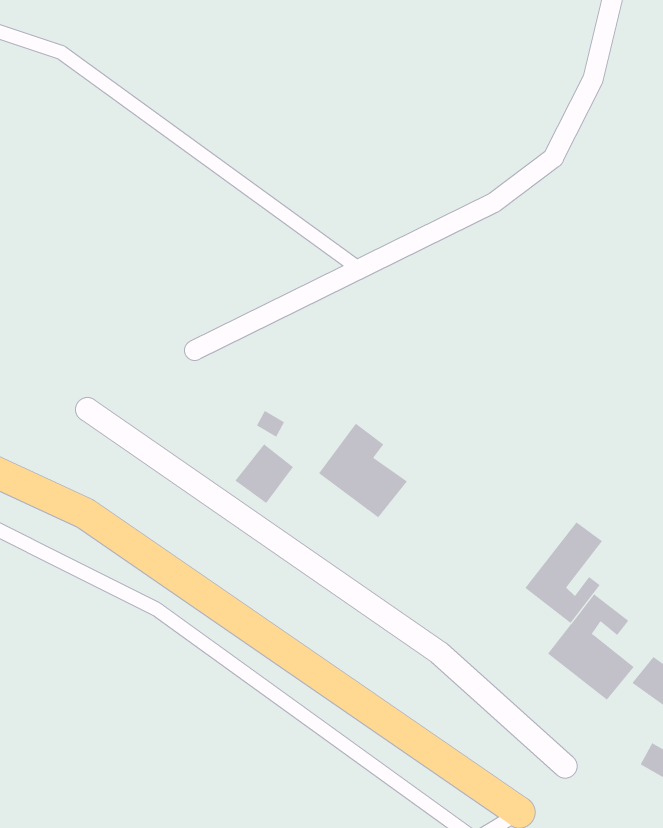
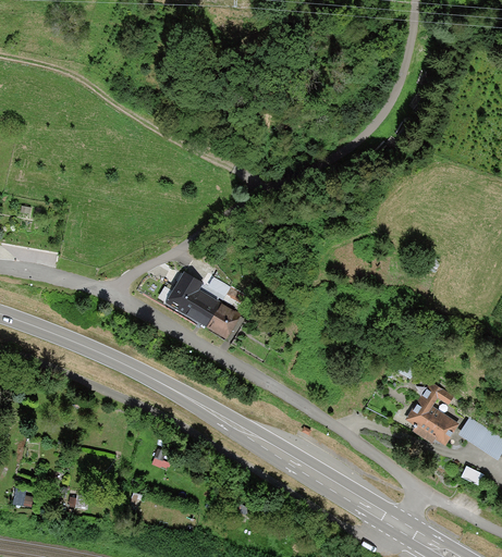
building: [318,423,408,518] -> [166,270,221,327]
building: [525,522,603,624] -> none

